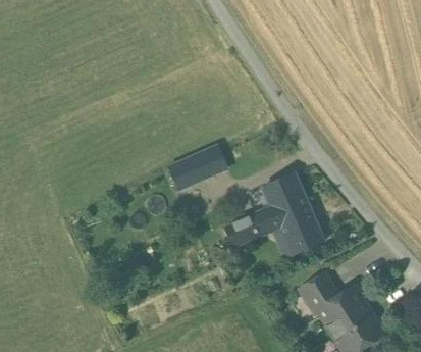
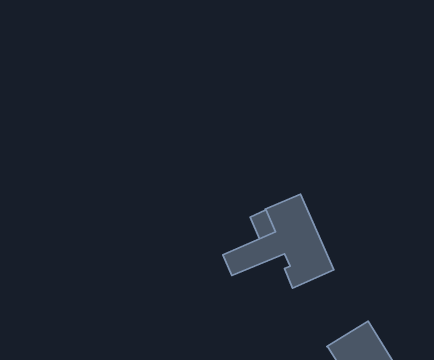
building: [169,150,226,193] -> none
building: [301,273,338,312] -> none

